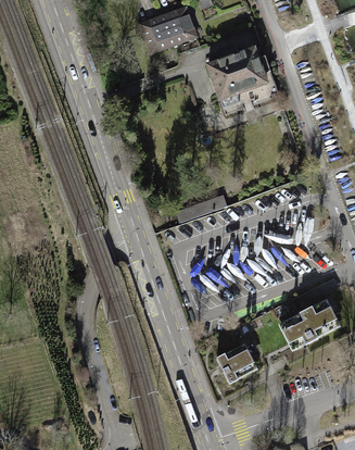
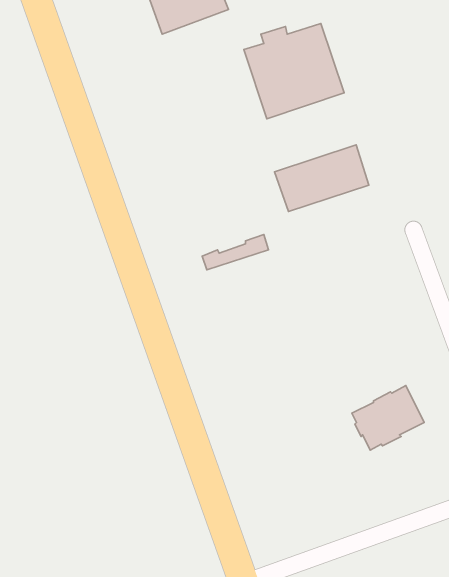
building: none -> [275,145,369,211]
building: [215,346,252,383] -> none

